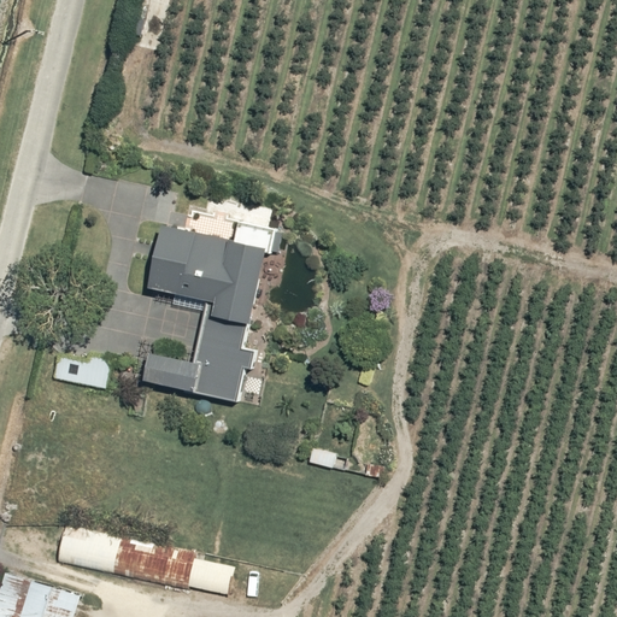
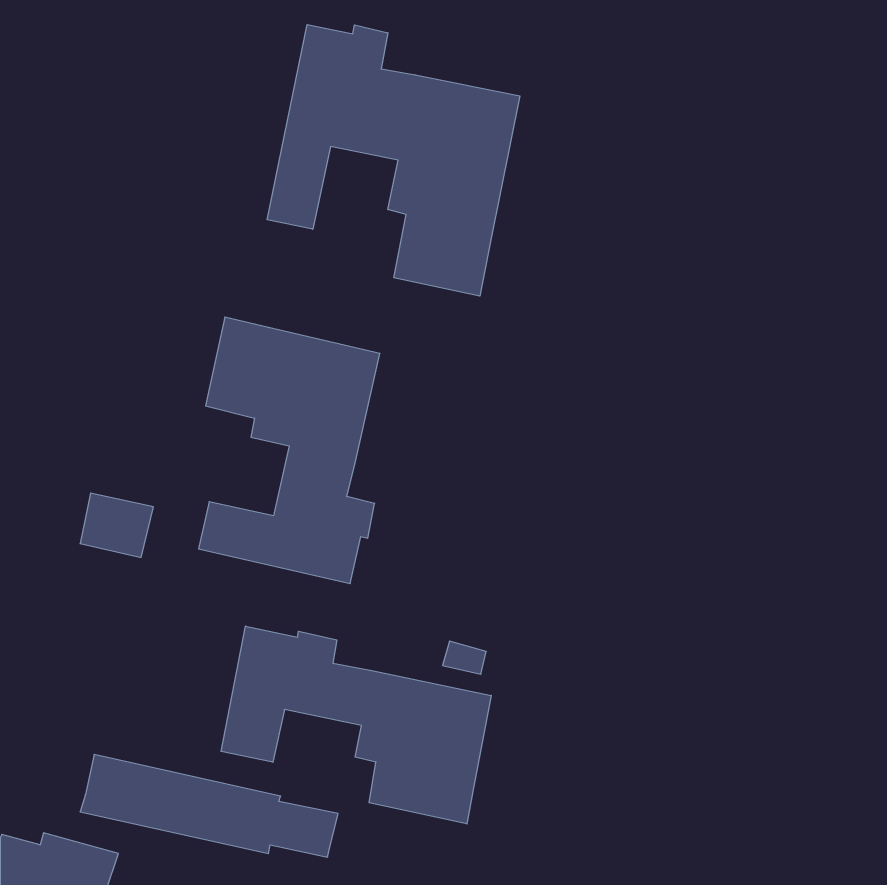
building: none -> [267,25,520,296]
building: none -> [221,626,491,824]

